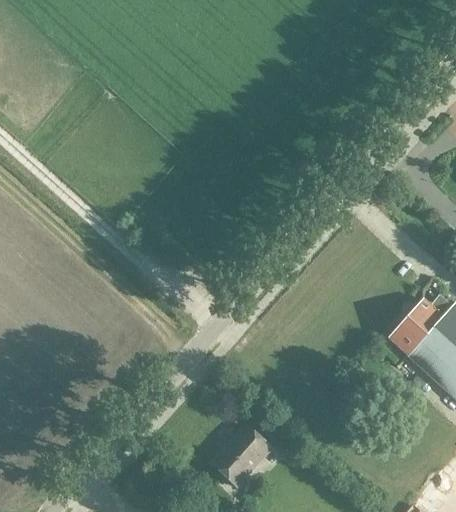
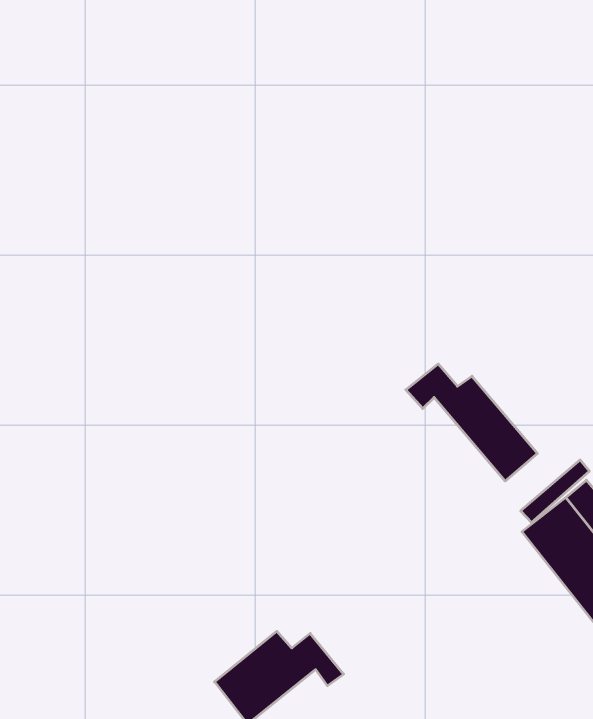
building: none -> [406,364,537,481]

